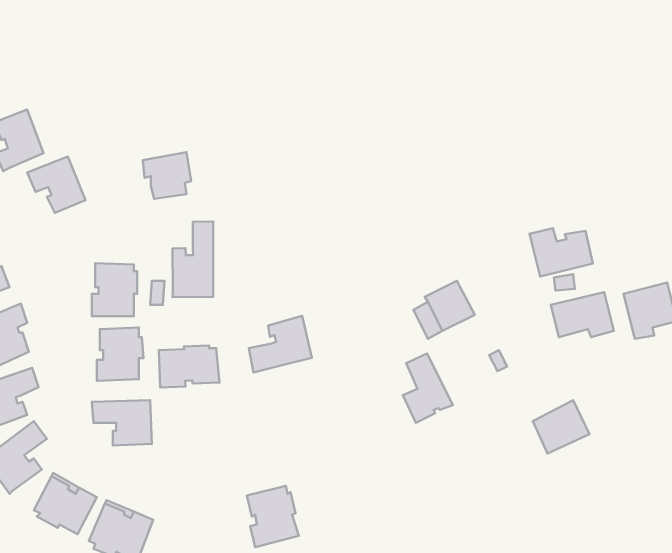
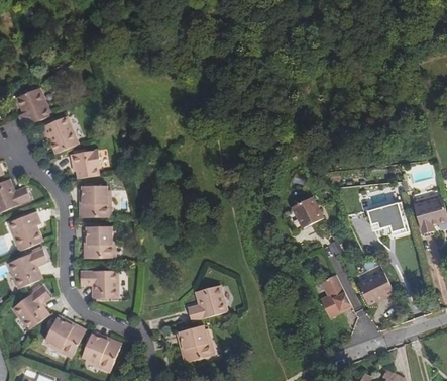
building: [143,152,191,199] -> [71,149,101,178]
building: [172,221,213,297] -> none
building: [529,228,593,276] -> none
building: [249,316,312,372] -> [186,285,225,320]
building: [159,345,219,388] -> none
building: [403,353,453,423] -> [319,273,350,316]

